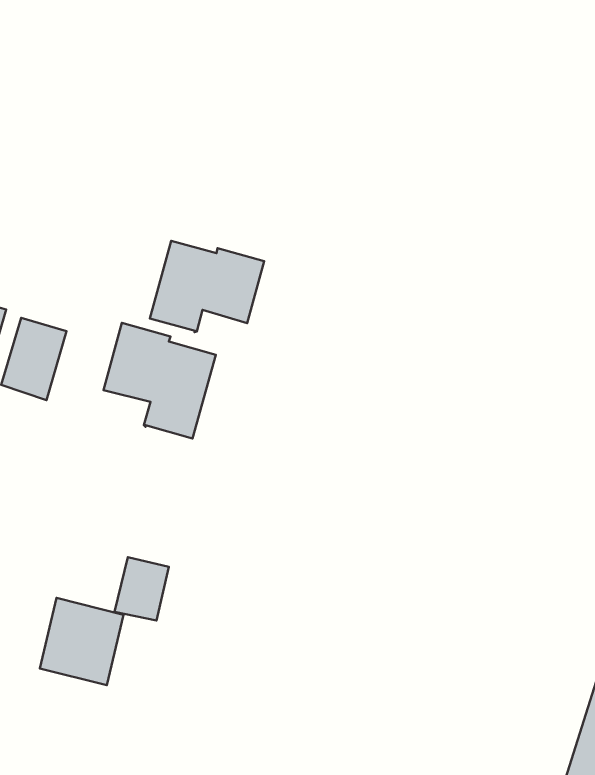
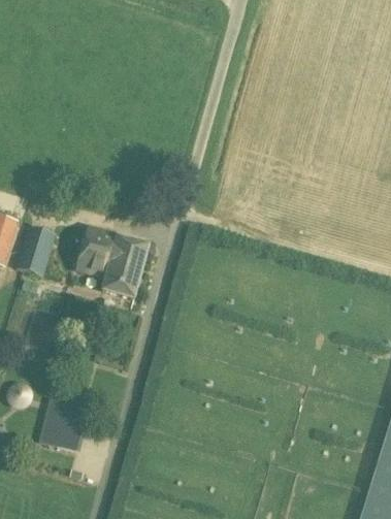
building: [150,241,264,332] -> none
building: [115,557,169,620] -> none

